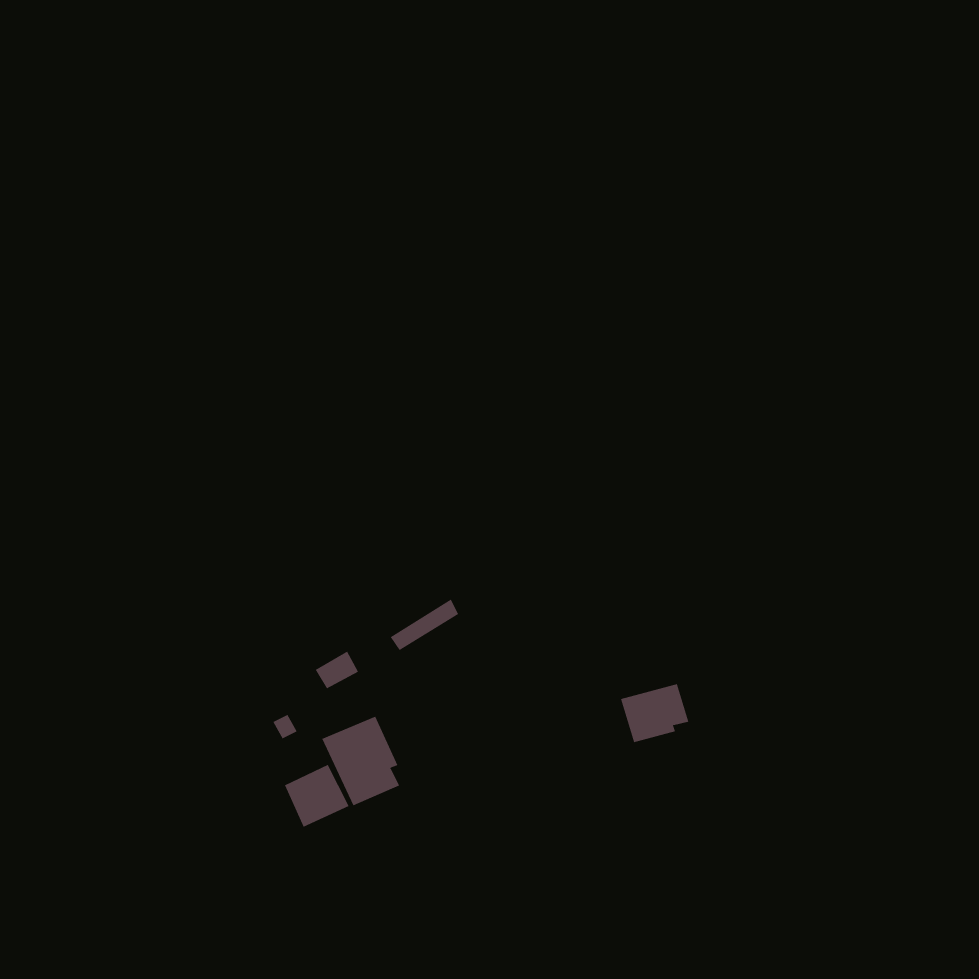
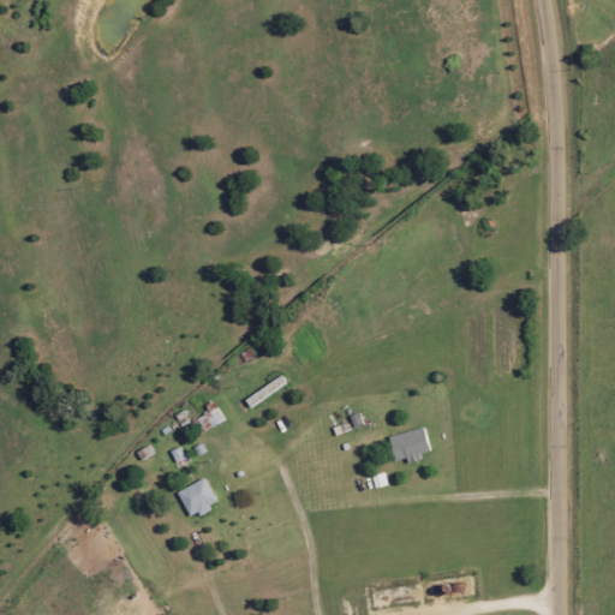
building: [322,716,400,806] -> none

